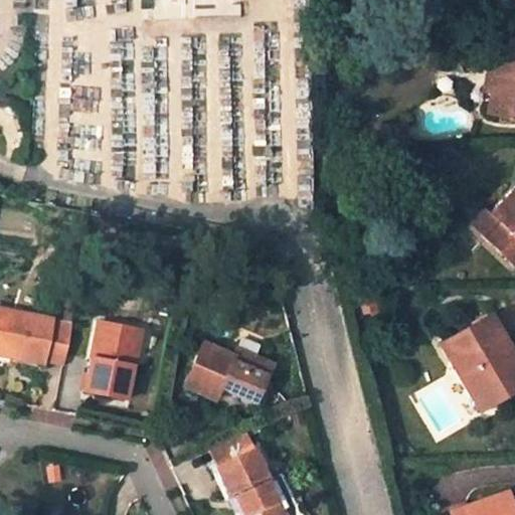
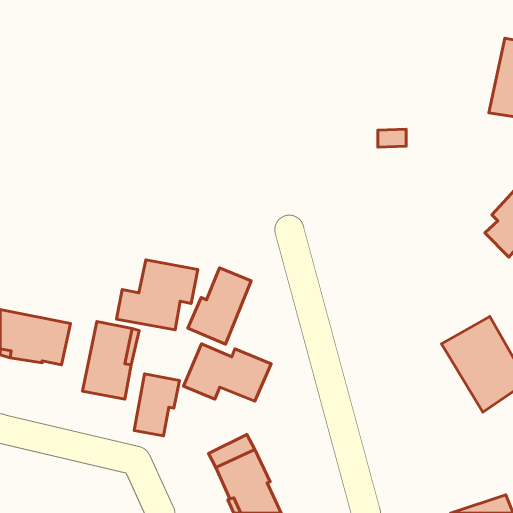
building: none -> [117,260,198,330]
building: none -> [188,268,251,344]
building: none -> [134,374,179,436]

